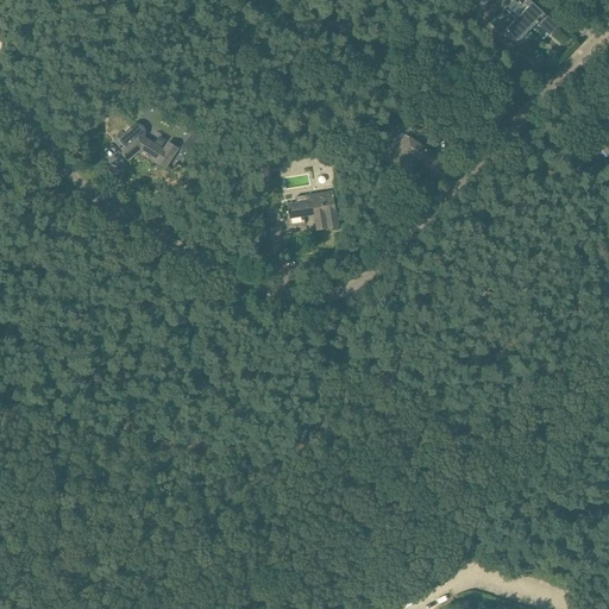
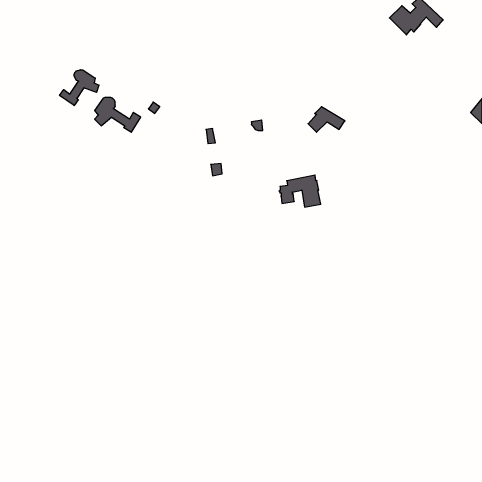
building: none -> [60,70,99,106]
building: [285,189,338,230] -> [279,175,321,207]

